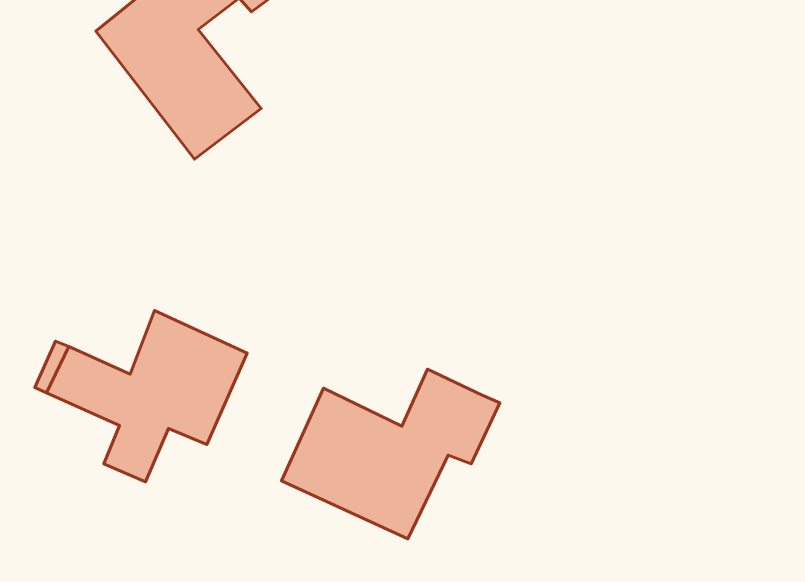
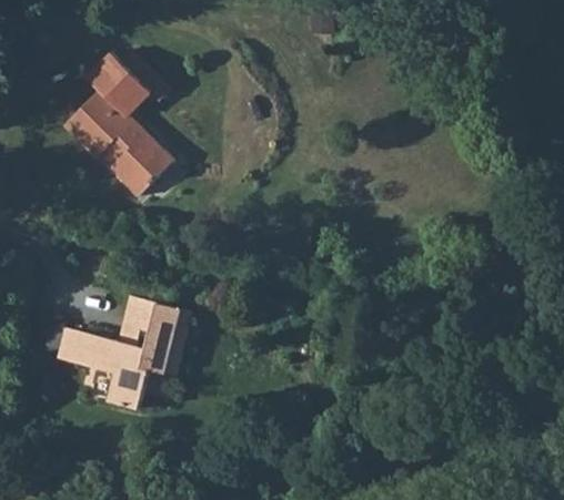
building: [282,369,500,539] -> none

